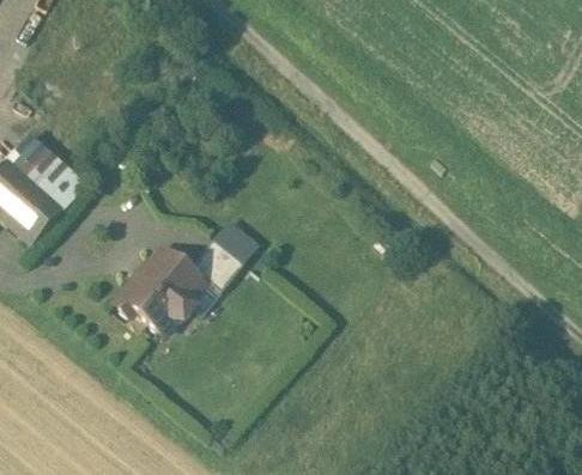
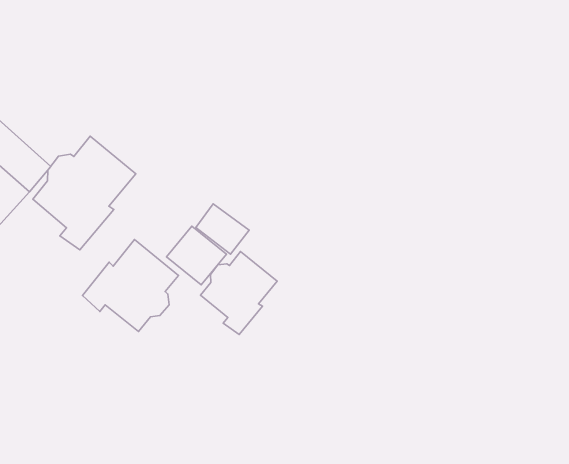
building: none -> [33,136,136,250]
building: none -> [201,252,277,335]

